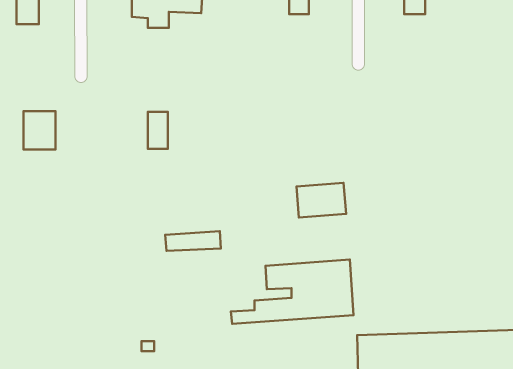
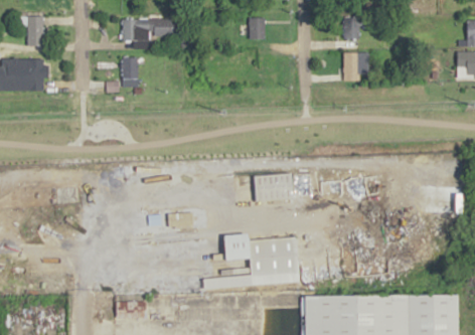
building: none -> [342,51,361,81]
building: [23,111,56,150] -> [17,59,43,91]
building: [148,112,168,149] -> [121,57,137,88]

